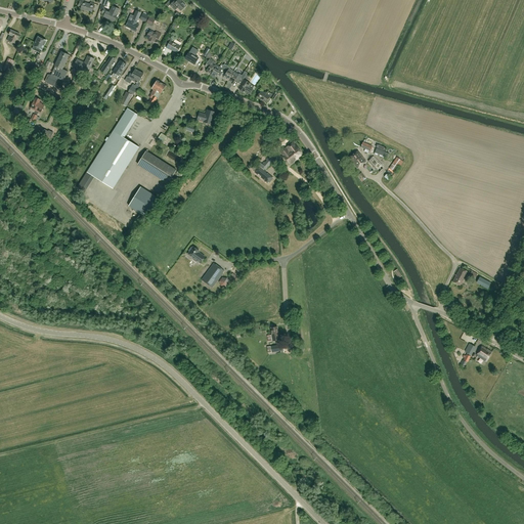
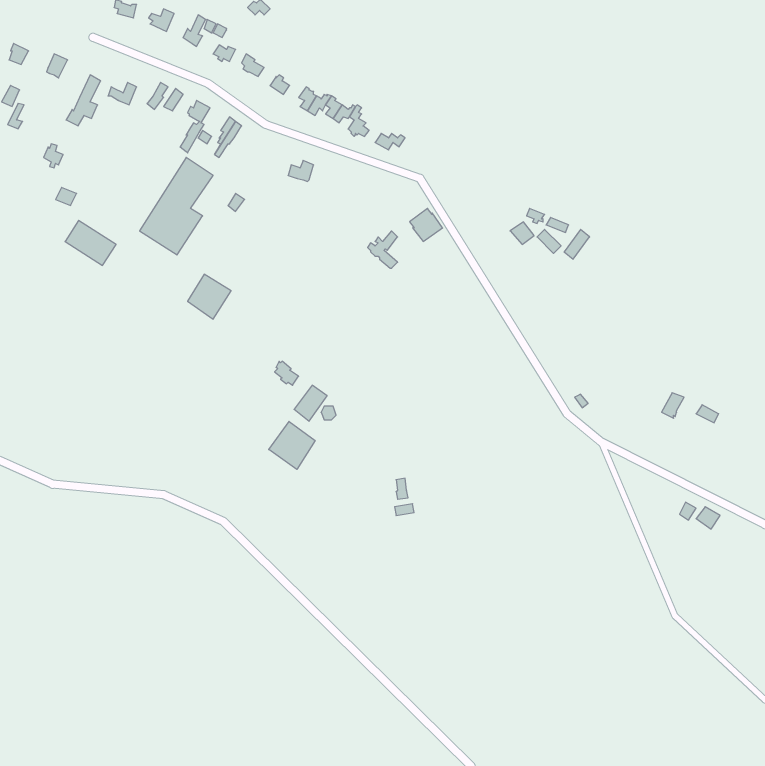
building: [136,151,175,183] -> none
building: [86,158,121,188] -> [65,220,116,265]
building: none -> [269,421,315,469]

